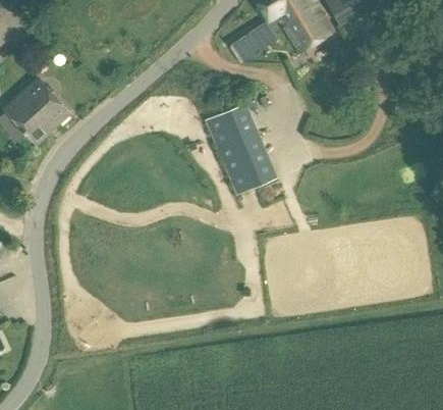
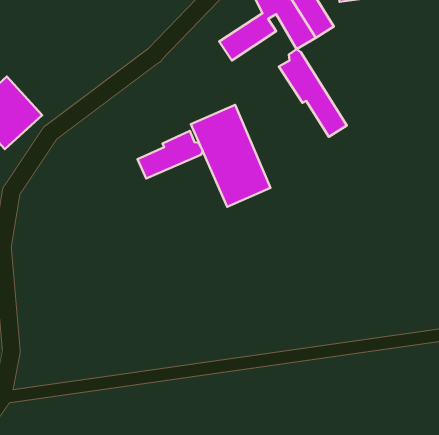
building: none -> [279,49,347,137]
building: none -> [138,131,203,179]

